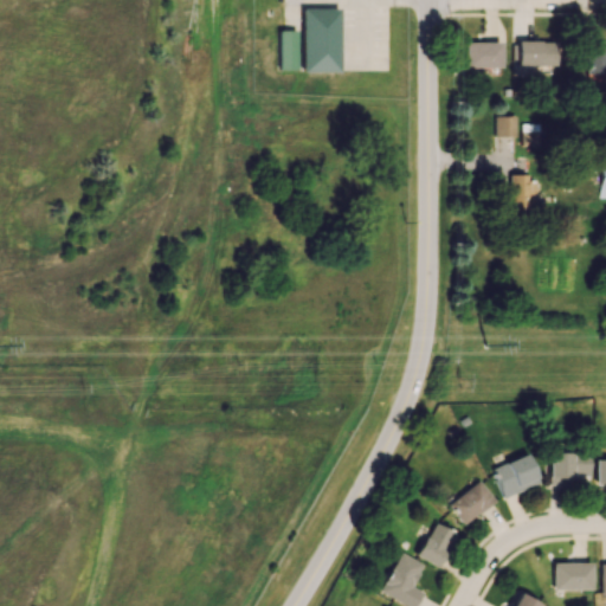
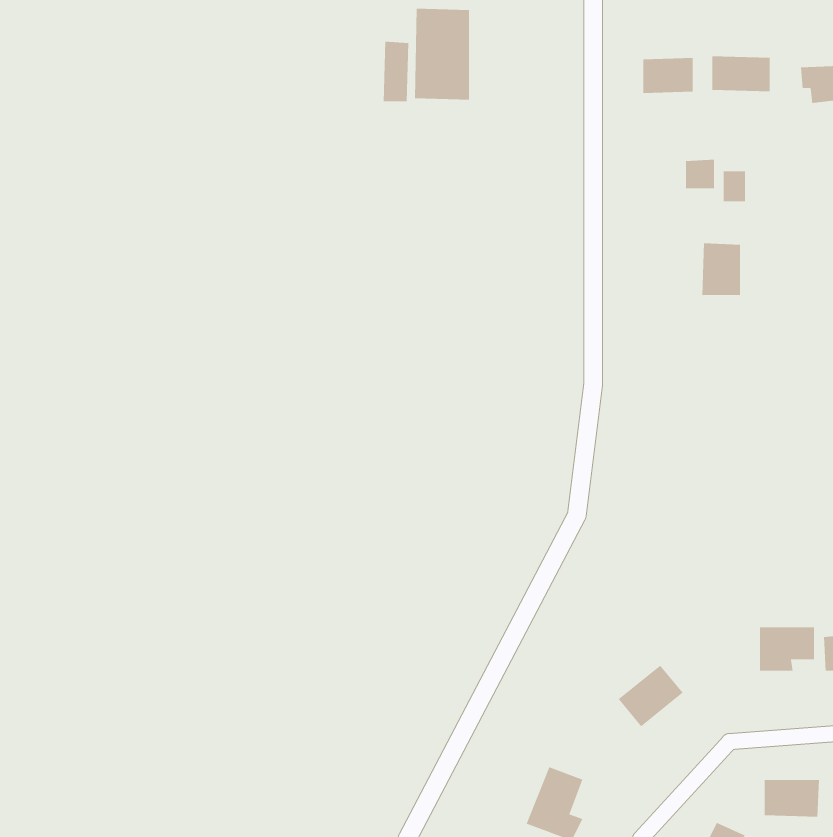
building: [494,454,542,499] -> none
building: [419,523,458,568] -> none

